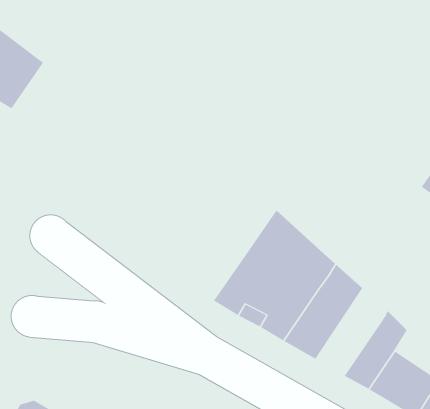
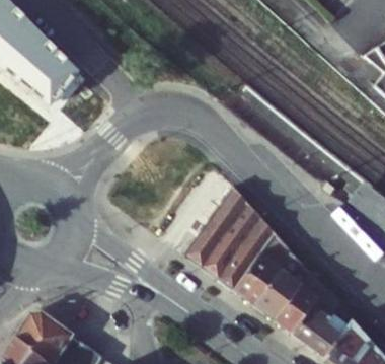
building: none -> [257,260,307,322]

